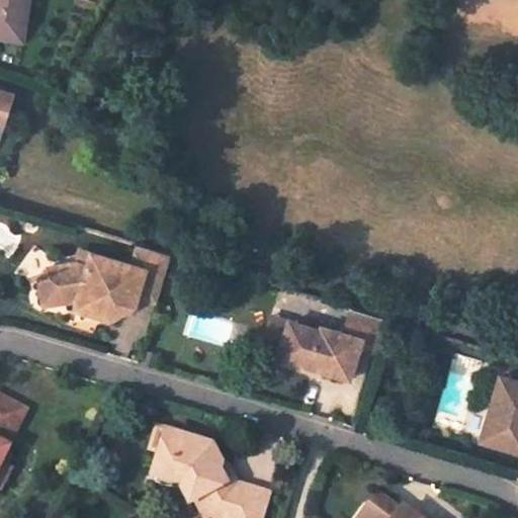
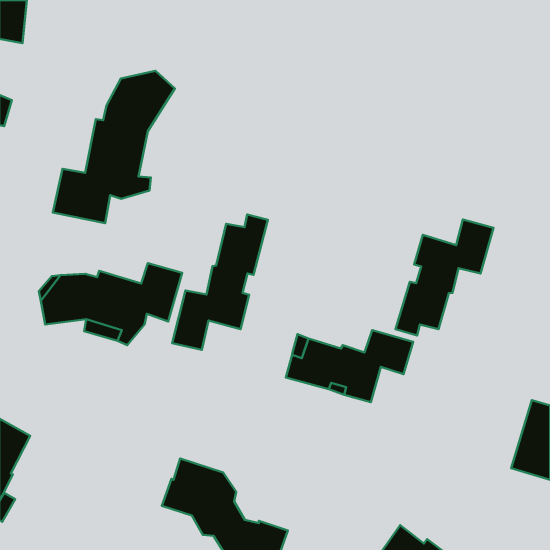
building: none -> [53,71,175,223]
building: none -> [172,214,268,350]
building: none -> [396,219,493,336]

